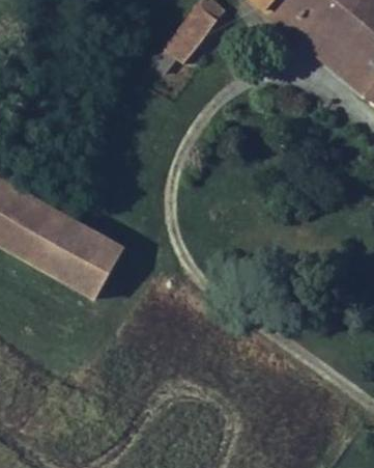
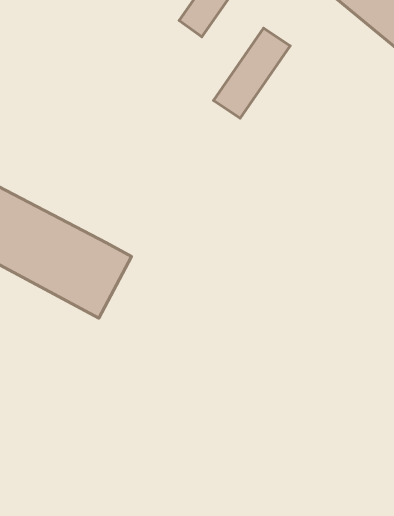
building: none -> [213,28,290,118]

